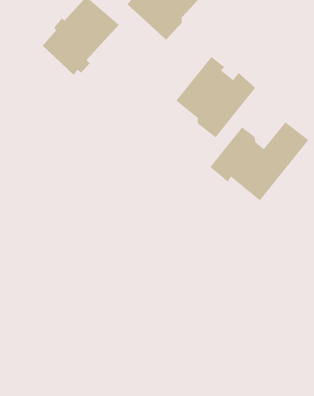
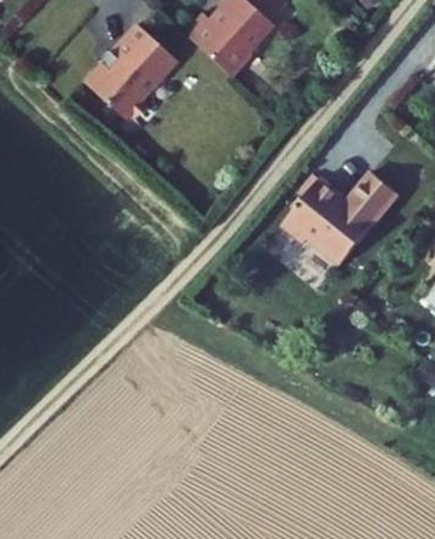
building: [176,56,256,138] -> none

